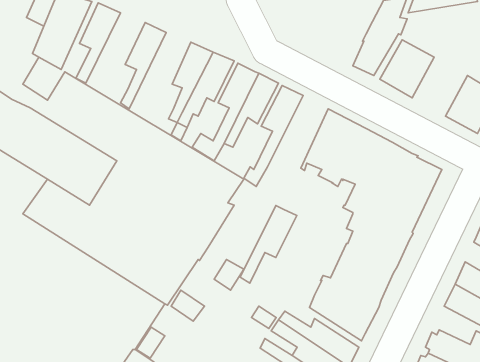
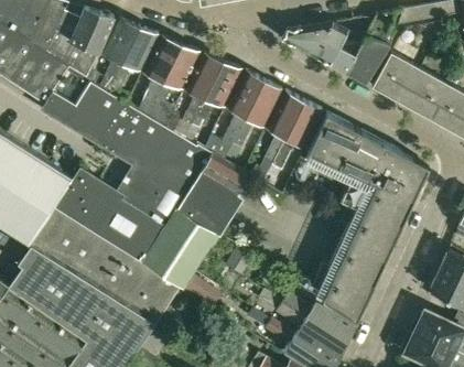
building: none -> [282,24,359,75]
building: none -> [109,28,158,95]
building: none -> [148,45,198,123]
building: none -> [400,67,450,120]
building: [240,206,297,283] -> [271,101,322,171]

